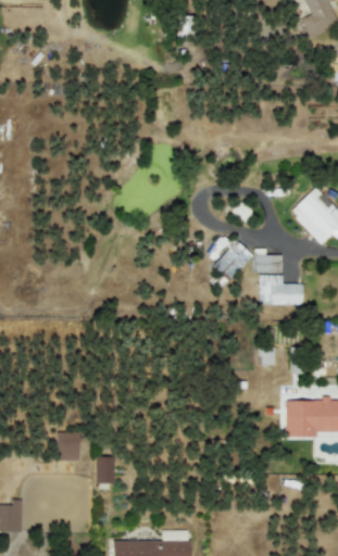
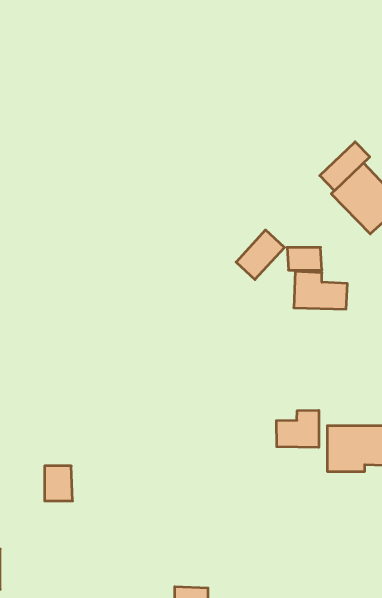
building: none -> [320,142,370,191]
building: none -> [276,410,319,447]
building: [96,455,115,482] -> none

